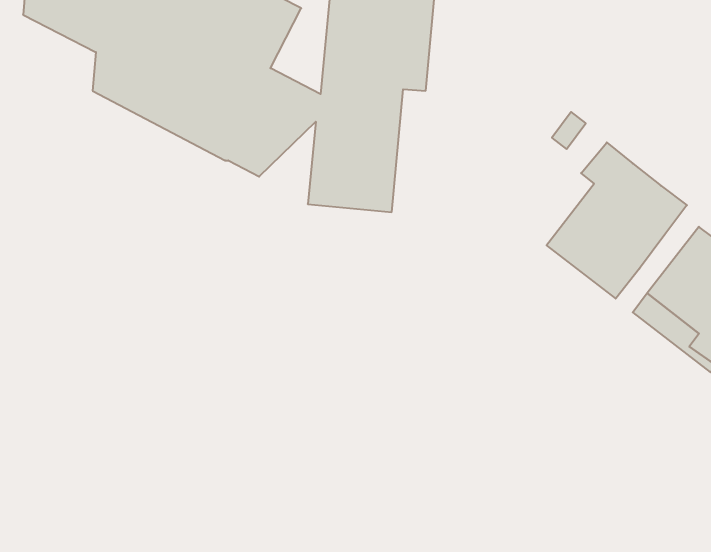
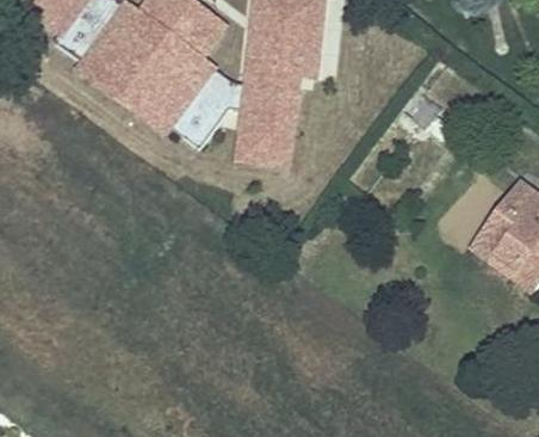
building: [547,142,687,299] -> none

